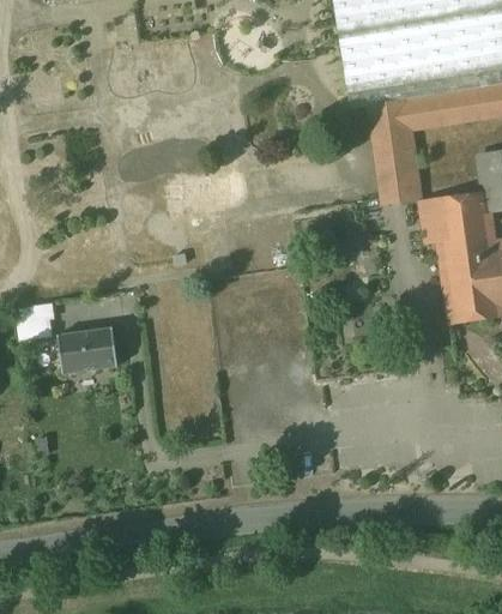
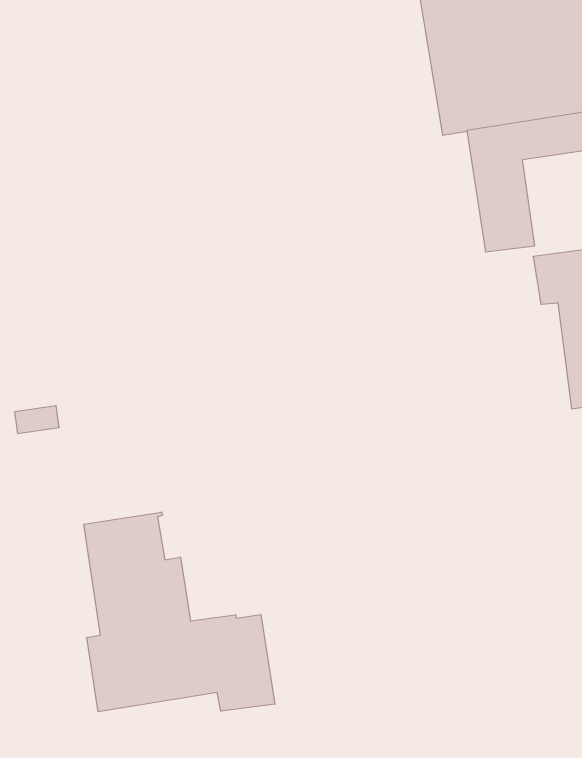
building: [56,326,117,372] -> none
building: none -> [84,512,275,712]

